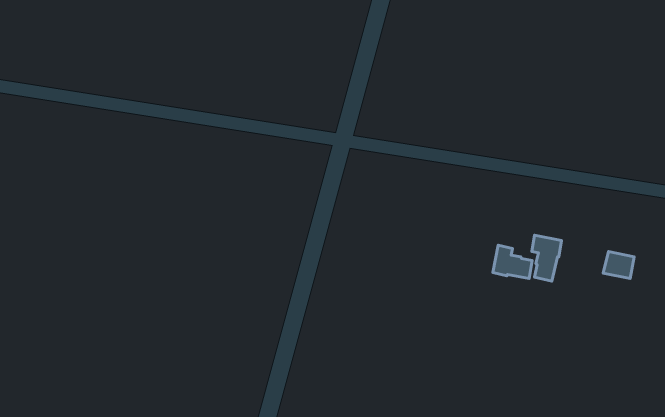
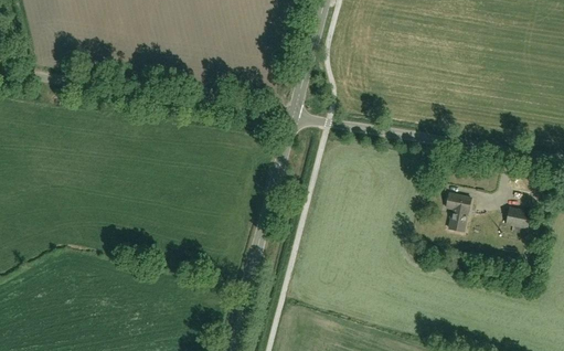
building: [493,245,532,278] -> none

